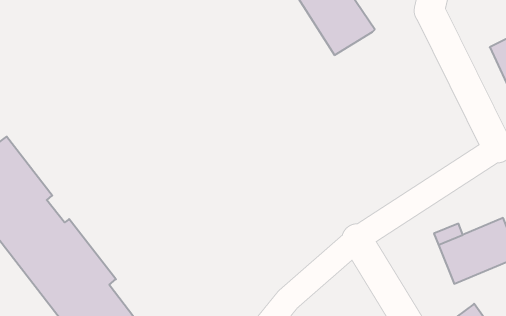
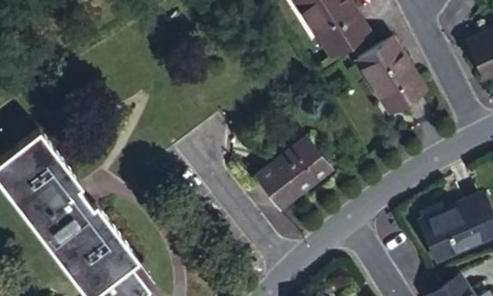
building: none -> [359,40,424,111]
building: none -> [259,151,320,210]

